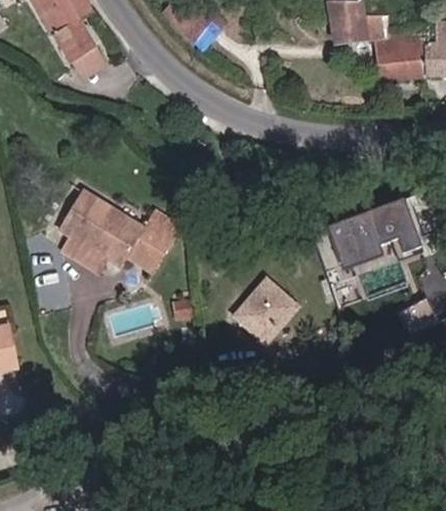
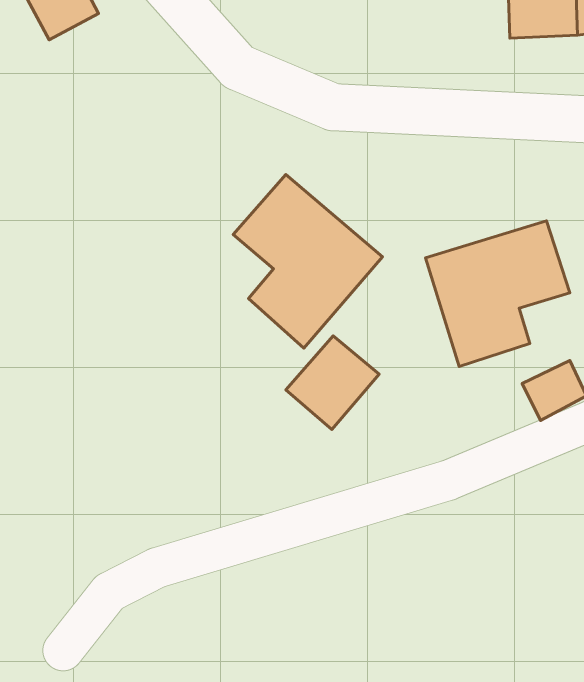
building: none -> [233,174,383,348]
building: [55,186,179,271] -> none

